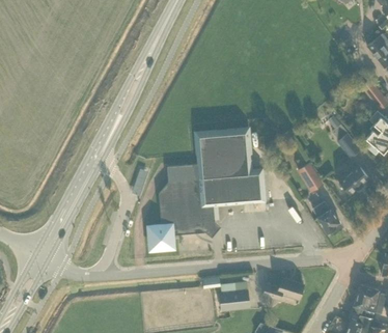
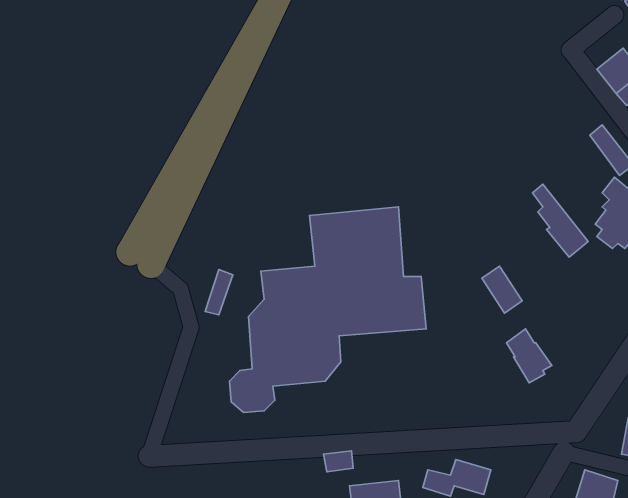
building: [339,165,370,194] -> none

